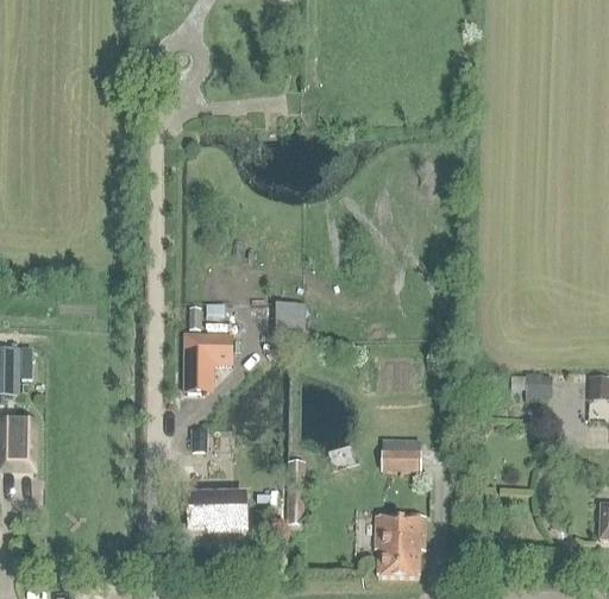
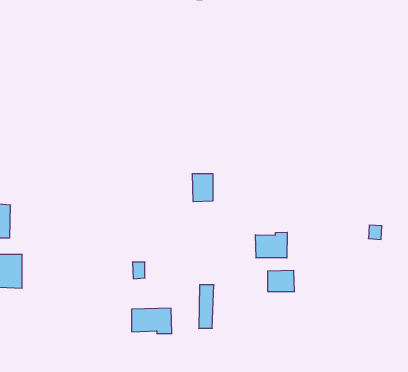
building: [183,333,231,390] -> none
building: none -> [256,232,287,258]
building: [372,513,425,574] -> none

